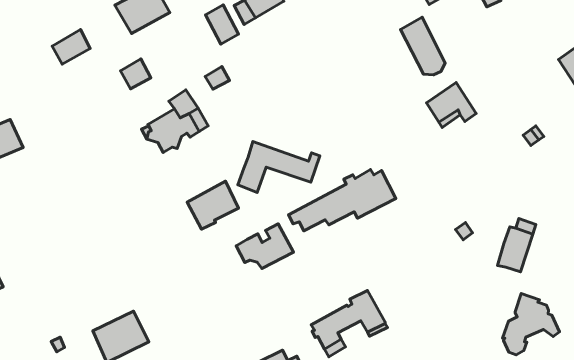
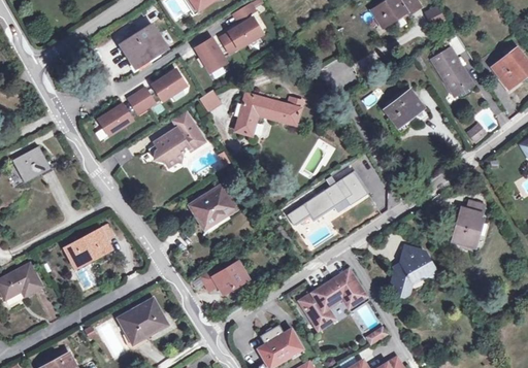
building: [401,17,445,75] -> [432,47,471,95]
building: [52,29,90,64] -> [99,104,131,134]
building: none -> [153,70,185,100]
building: [238,142,320,192] -> [235,93,302,135]
building: none -> [64,228,111,268]
building: [236,224,294,268] -> [200,256,249,294]
building: [502,294,559,355] -> [391,245,438,297]

